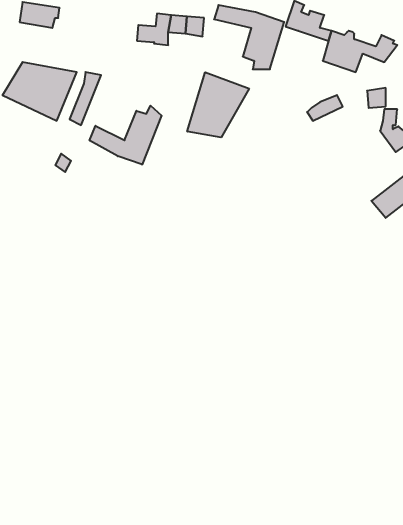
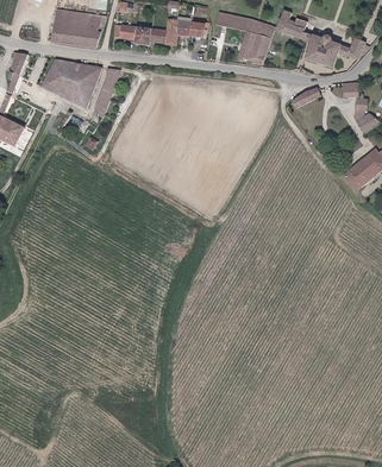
building: none -> [50,13,104,48]
building: none -> [114,24,152,44]
building: [187,72,249,137] -> none
building: [90,106,162,165] -> none

